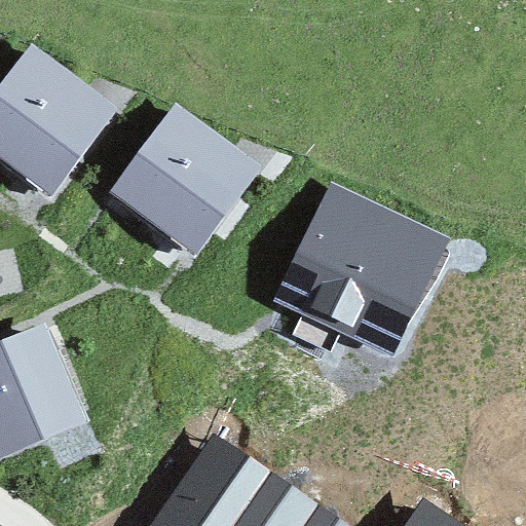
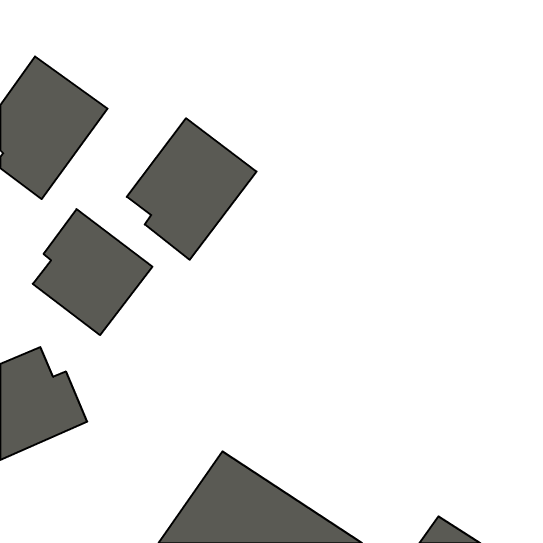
building: [272,181,452,358] -> none
building: none -> [33,209,152,335]

